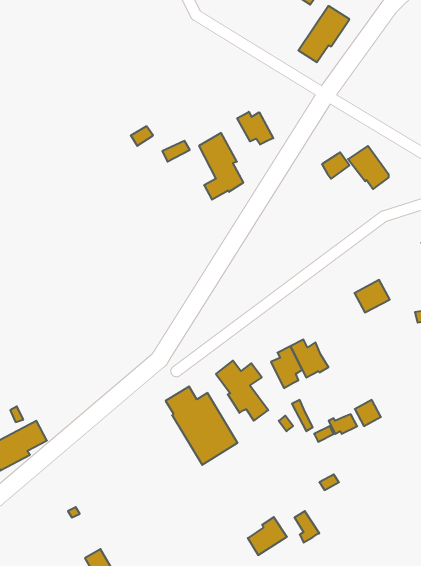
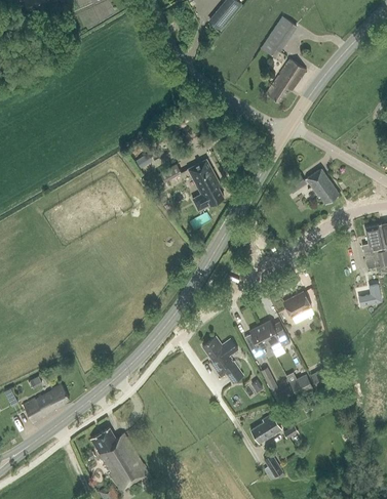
building: [237,112,273,145] -> none
building: [354,280,390,313] -> [283,291,311,317]
building: [166,386,238,465] -> [90,427,147,489]
building: [248,517,287,555] -> [250,414,281,444]

